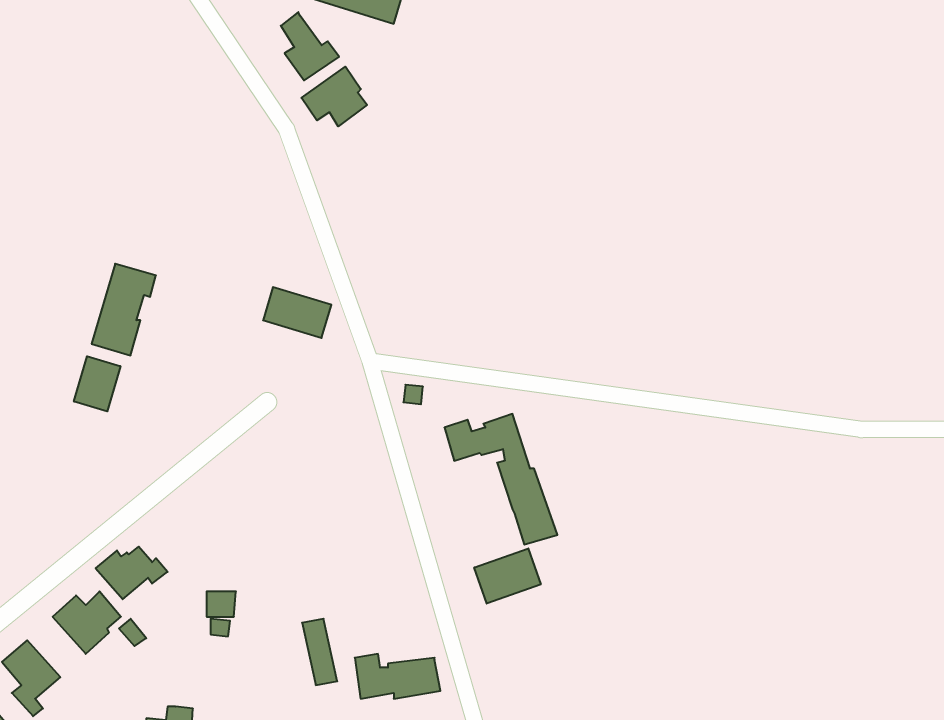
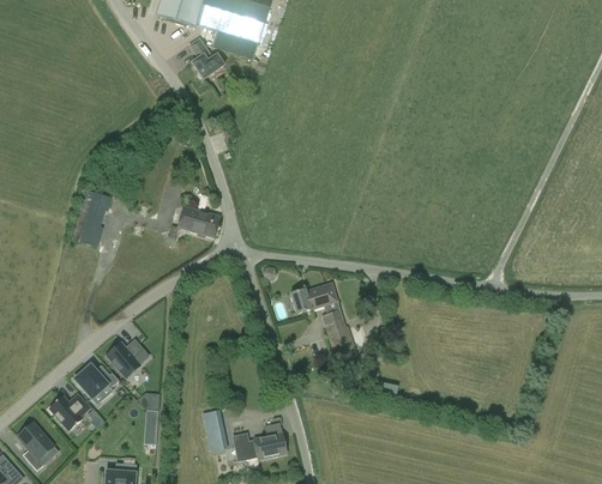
building: [301,67,367,126] -> none
building: [74,356,120,411] -> none
building: none -> [104,339,150,379]
building: [474,548,541,604] -> none

